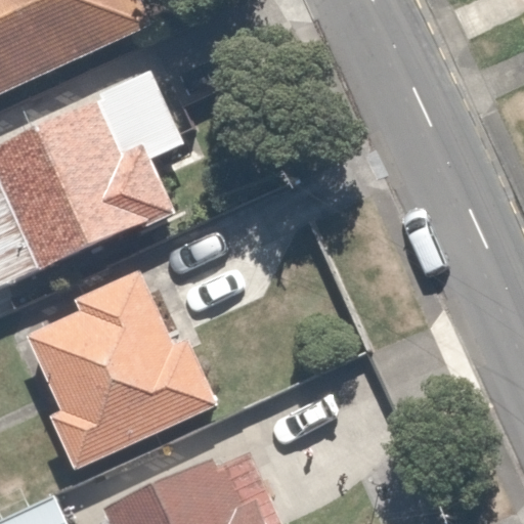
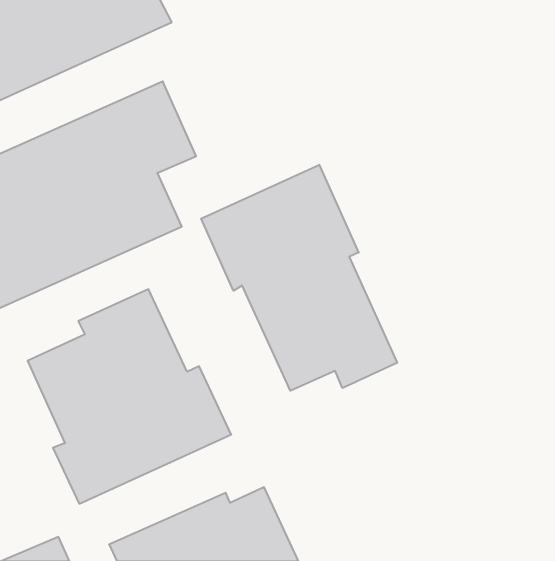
building: none -> [201,165,397,391]

